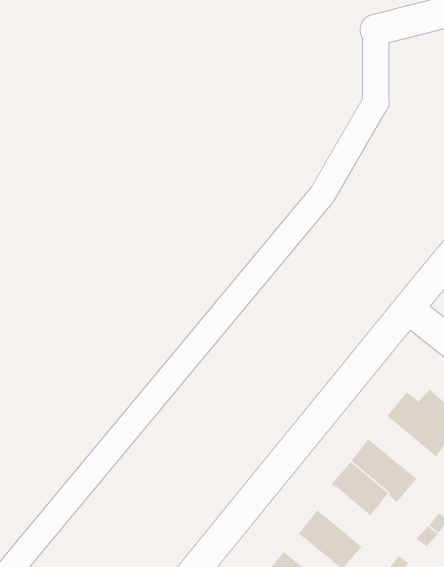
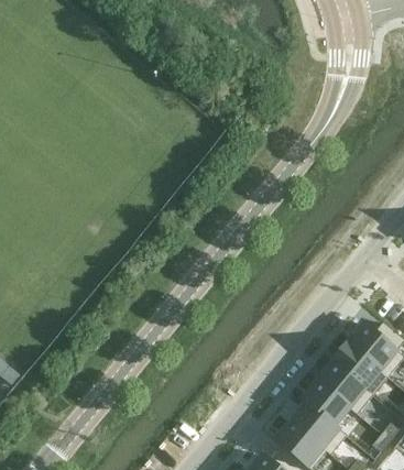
building: none -> [329,341,386,394]
building: none -> [288,401,346,453]

